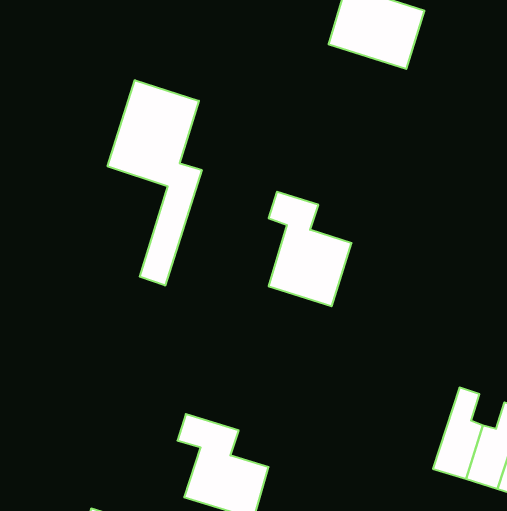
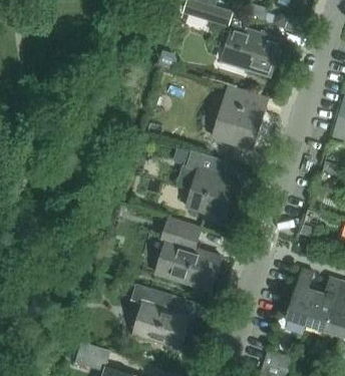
building: [108,80,202,286] -> none
building: none -> [214,86,263,150]
building: none -> [155,219,222,291]

